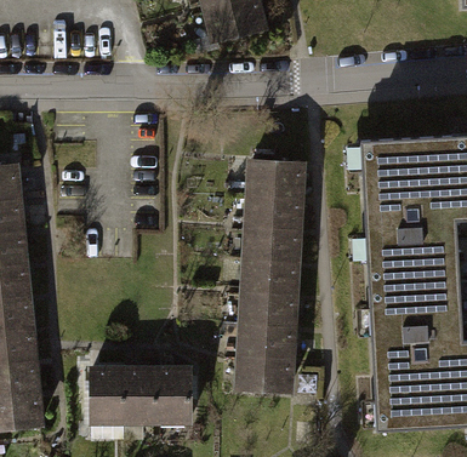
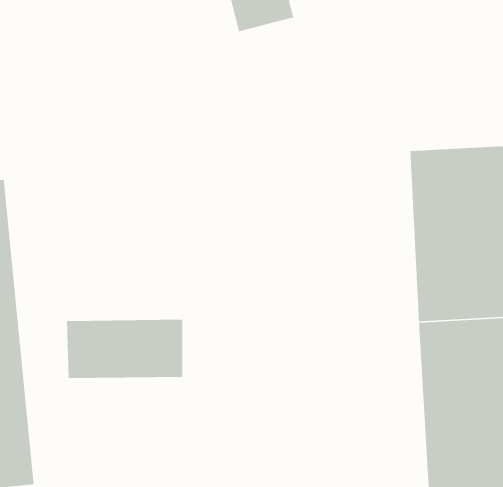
building: [238,162,303,392] -> none
building: [91,370,190,421] -> [66,319,183,379]

